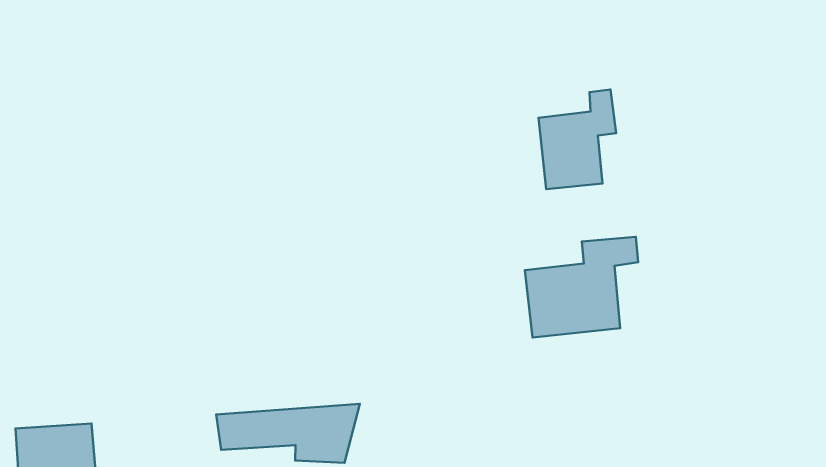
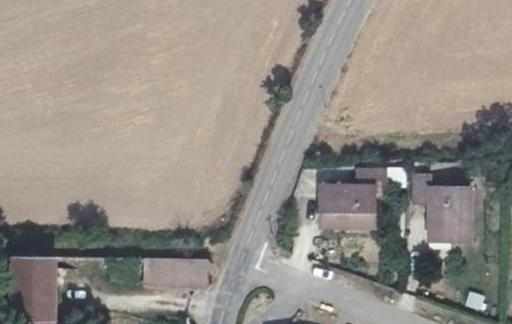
building: [539,89,616,189] -> none
building: none -> [410,174,473,243]

